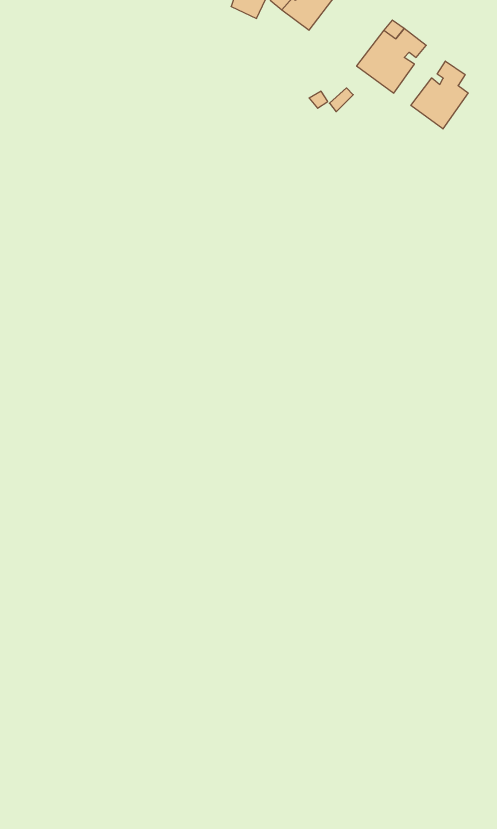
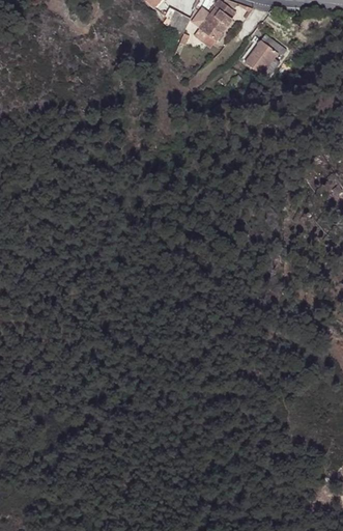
building: [411,61,468,129] -> none

